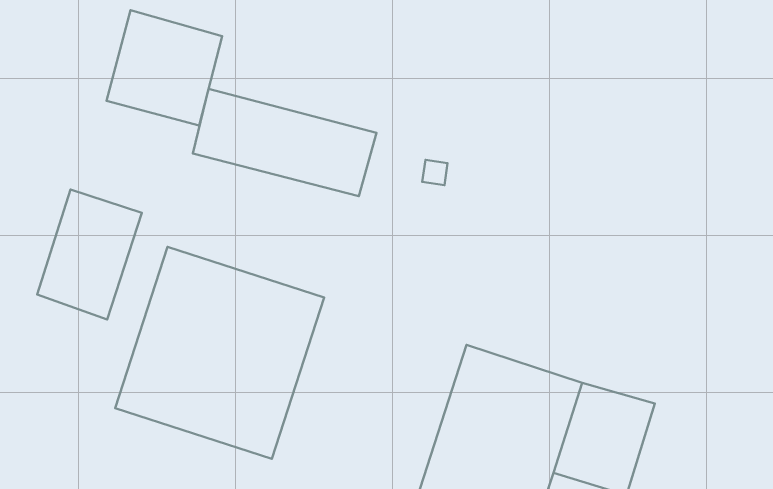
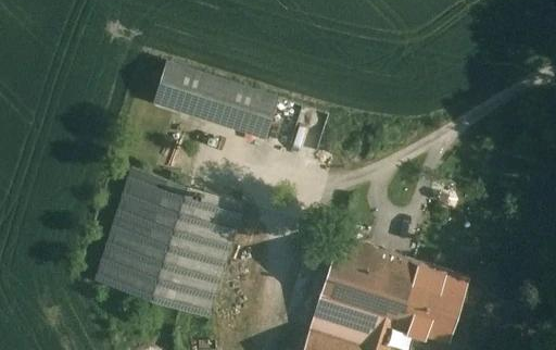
building: [107,10,222,126] -> none
building: [37,189,142,319] -> none

